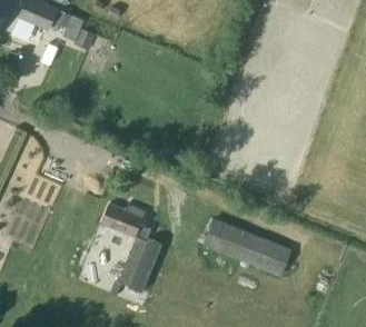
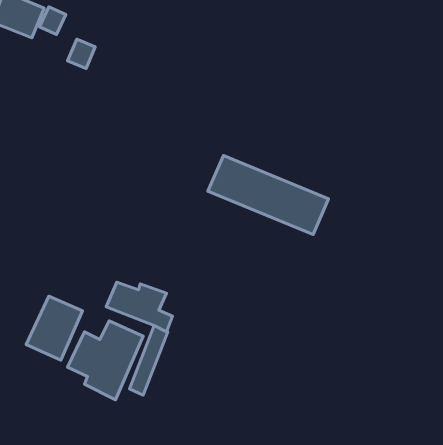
building: none -> [26,296,82,360]
building: [204,219,290,276] -> [208,155,329,234]

